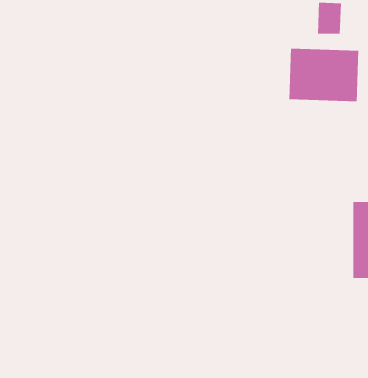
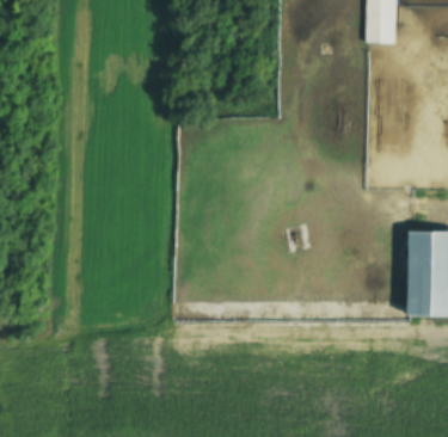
building: [289,48,359,102] -> none

